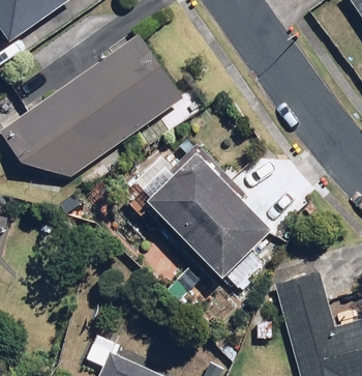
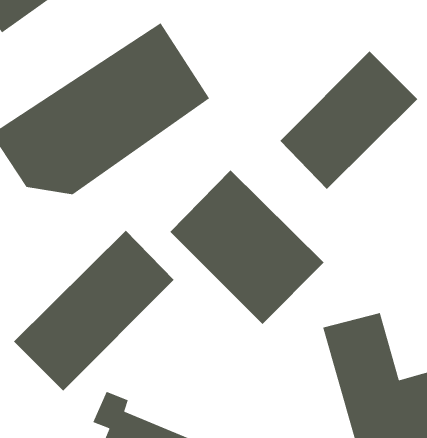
building: none -> [279,51,418,190]
building: none -> [13,230,175,391]

